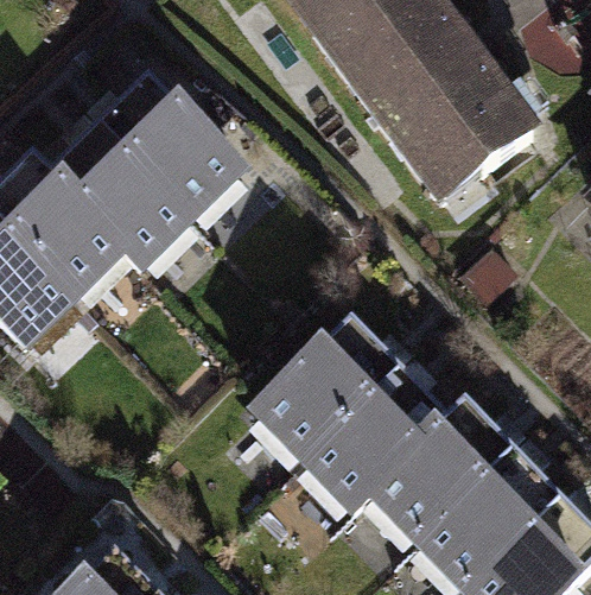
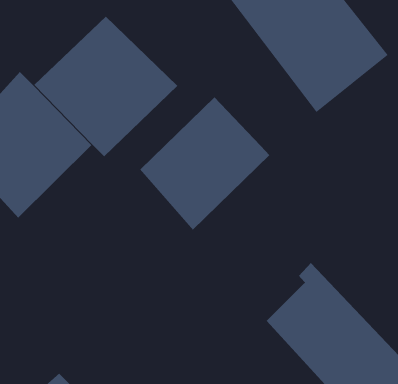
building: none -> [139,96,270,230]
building: [247,335,427,518] -> none

